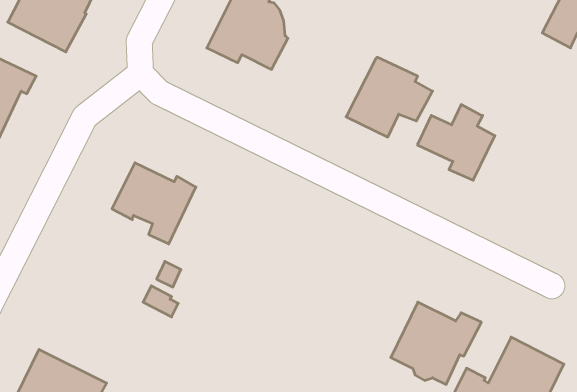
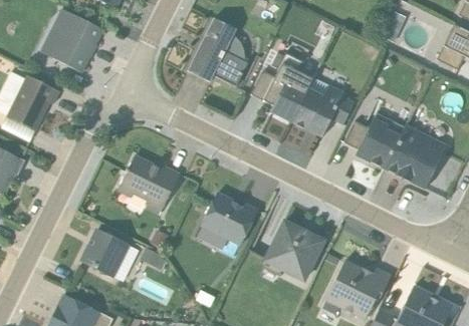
building: none -> [251,52,313,121]
building: none -> [386,125,447,189]
building: none -> [201,192,259,246]
building: none -> [262,219,327,283]
building: none -> [80,227,140,281]

